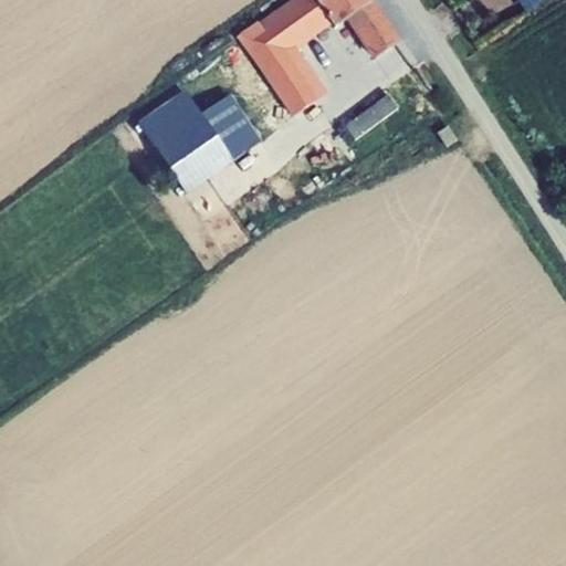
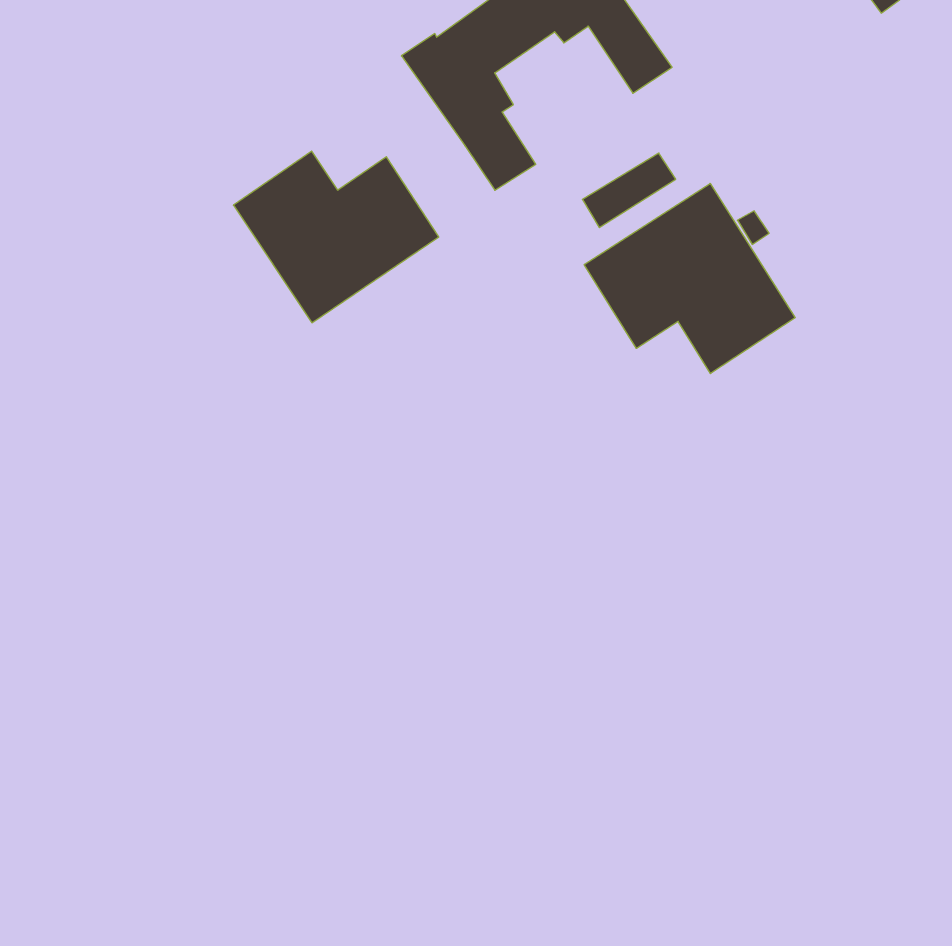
building: none -> [584,183,795,374]

